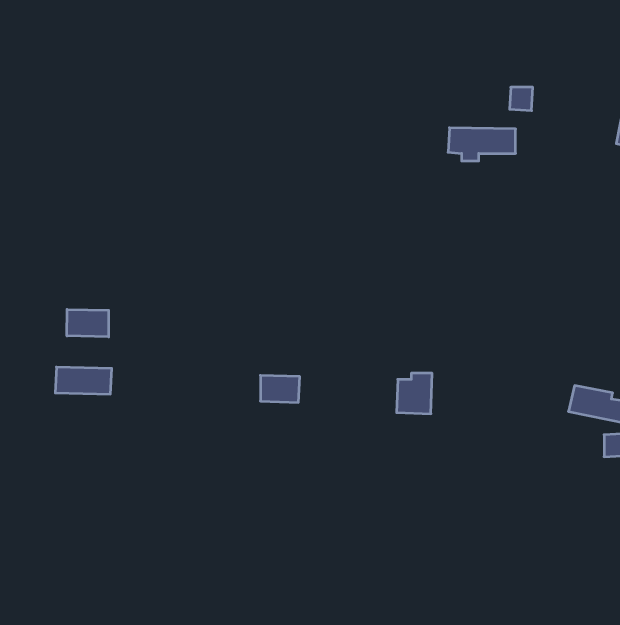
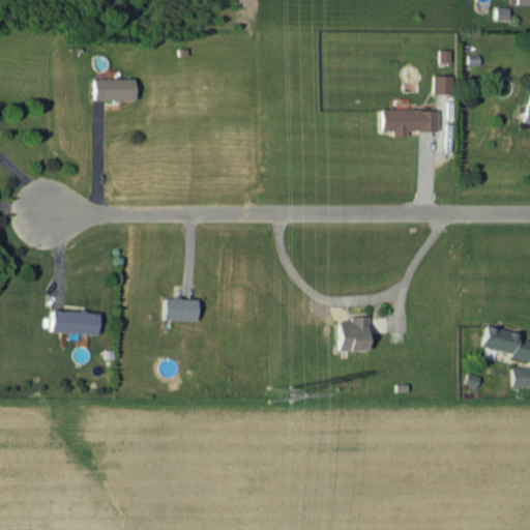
building: none -> [96,79,139,101]
building: [67,309,109,337] -> none
building: [260,375,300,402] -> [166,299,199,322]

